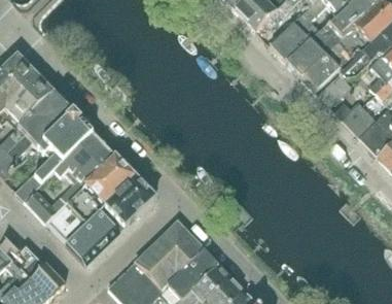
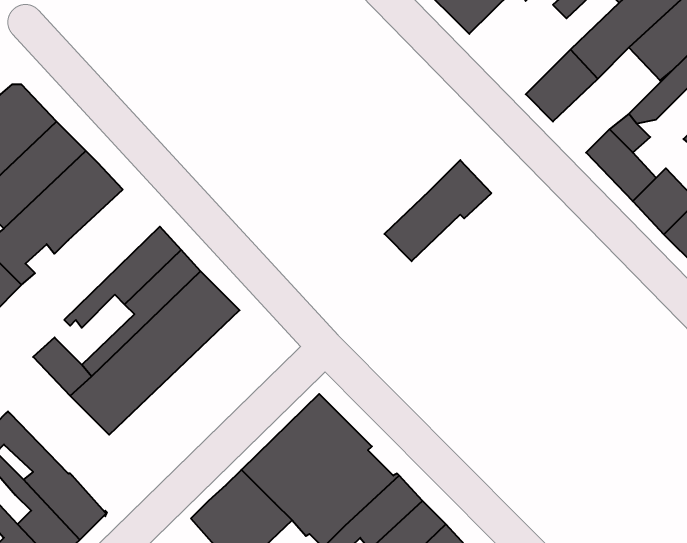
building: [270,21,310,61] -> none
building: [300,36,357,90] -> [384,160,491,261]
building: [16,111,93,198] -> none
building: [66,175,154,262] -> none

